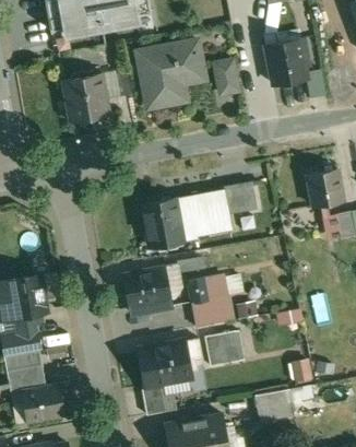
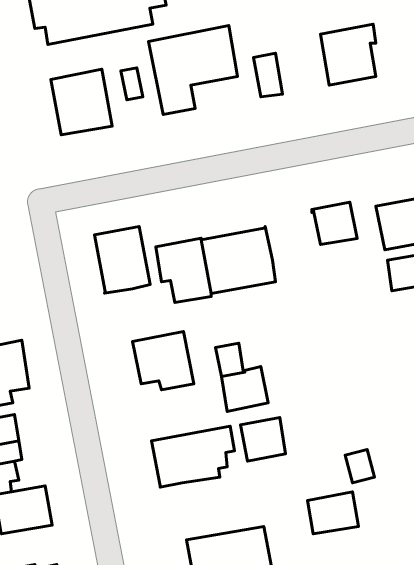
building: [224,184,258,215] -> [312,202,357,244]
building: none -> [95,226,150,293]
building: [142,383,178,415] -> none

